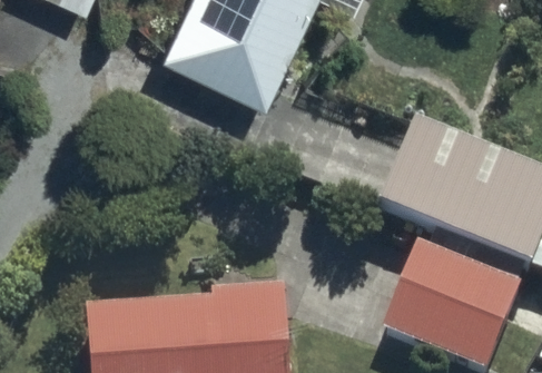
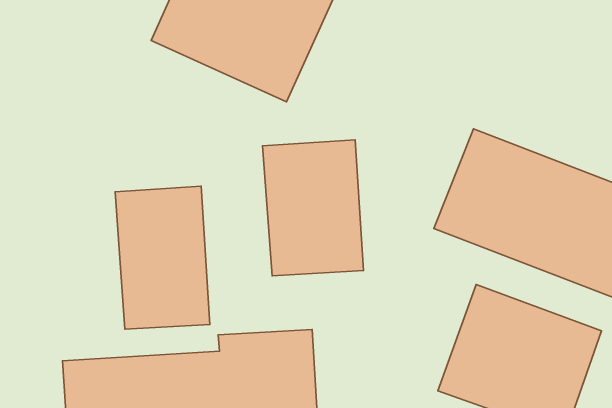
building: none -> [263,140,363,276]
building: none -> [115,186,210,329]

